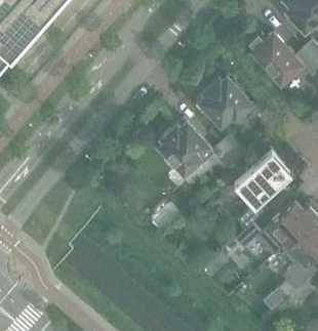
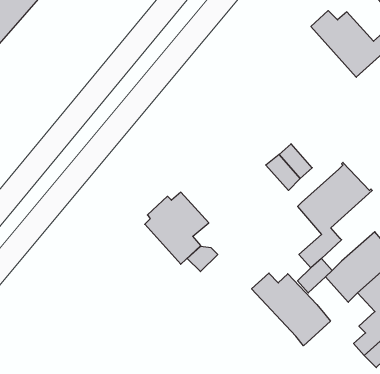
building: [199,78,251,126] -> none
building: [159,123,208,178] -> [145,192,209,264]
building: none -> [252,273,330,346]

